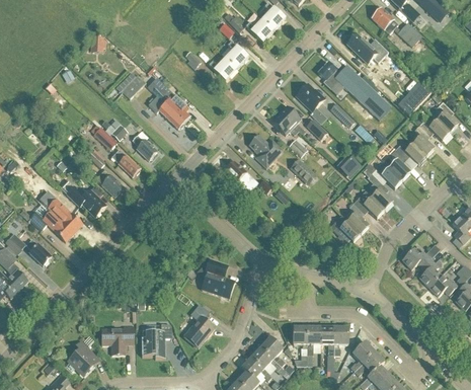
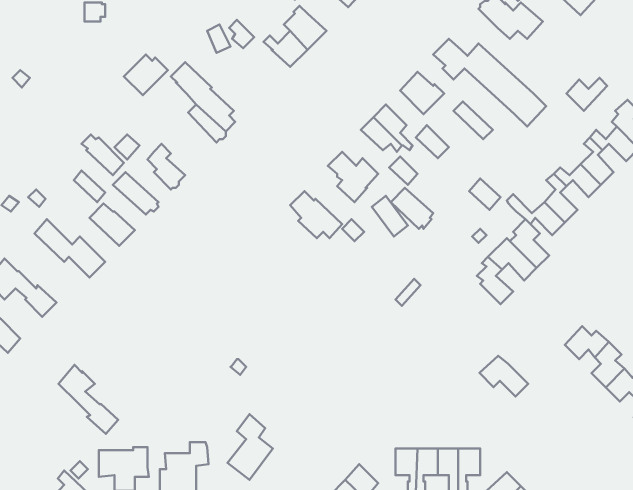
building: [44,187,82,232] -> [59,365,118,434]
building: [329,215,361,241] -> [479,356,528,397]
building: [199,258,234,298] -> none

